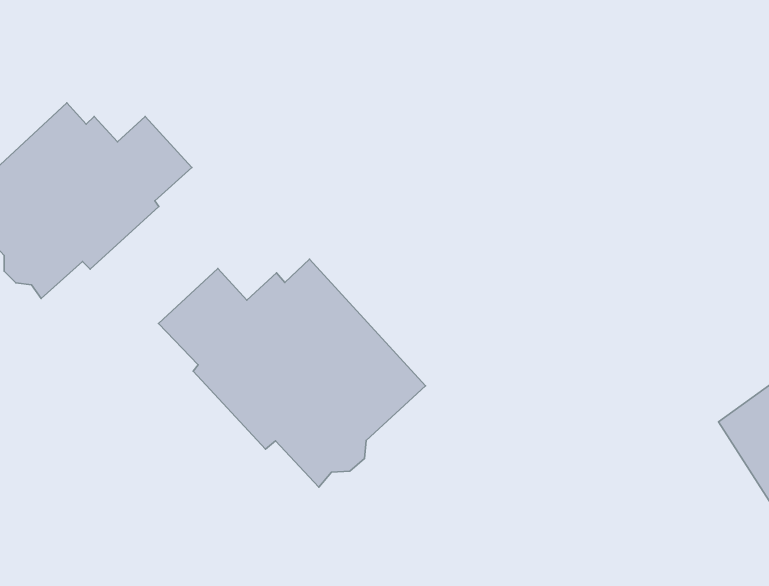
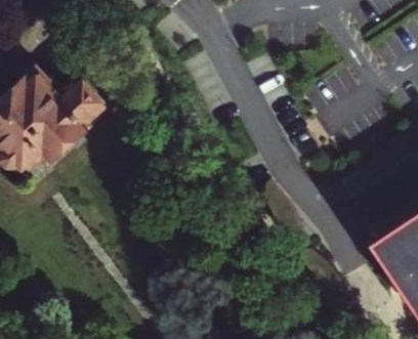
building: [159,259,425,487] -> none

